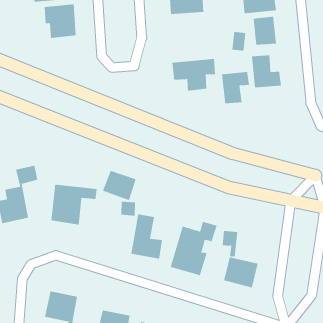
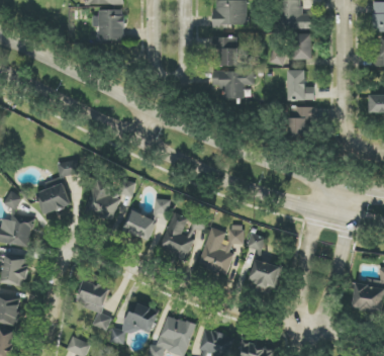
building: none -> [212,37,239,66]
building: [221,71,250,104] -> [288,106,314,136]
building: [102,170,136,201] -> [122,210,156,241]

